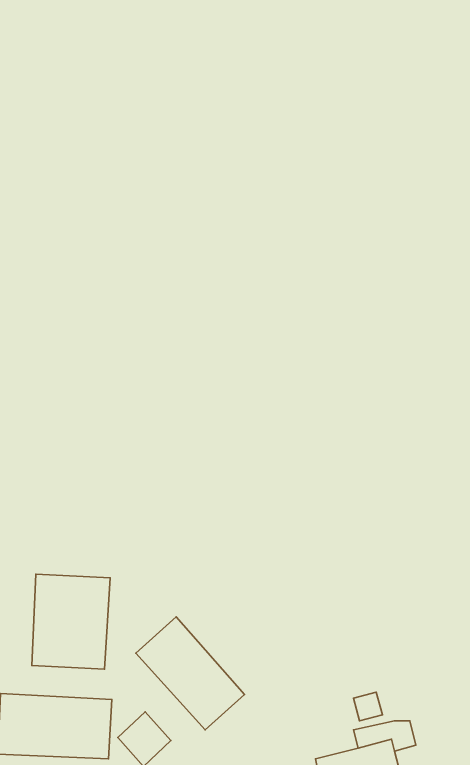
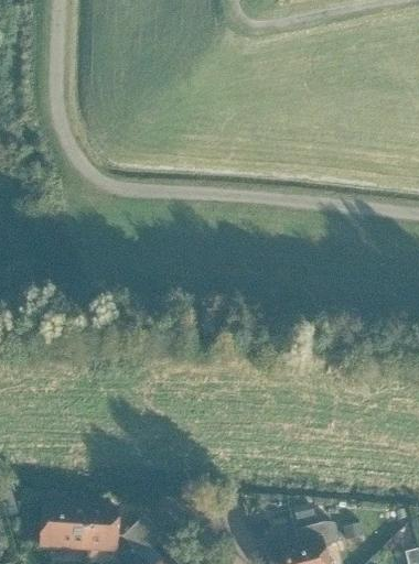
building: [32,574,110,669] -> none
building: [136,617,245,730] -> none

